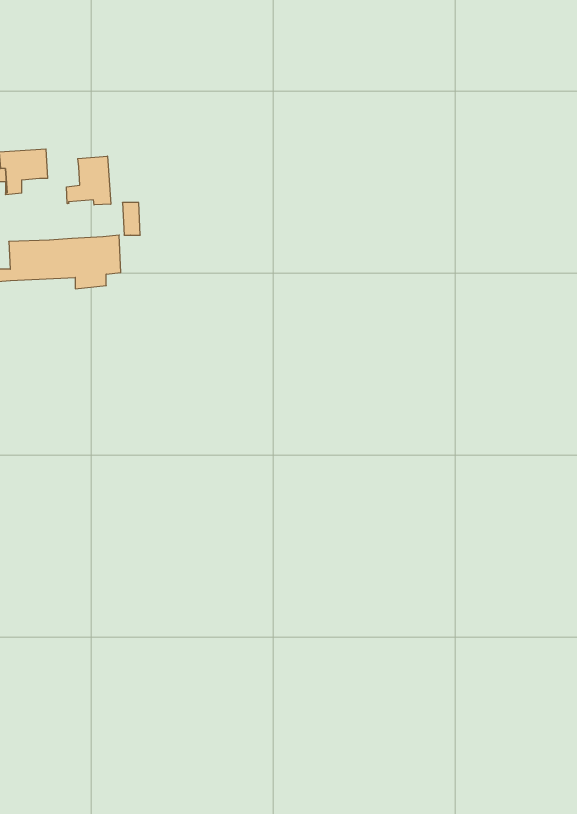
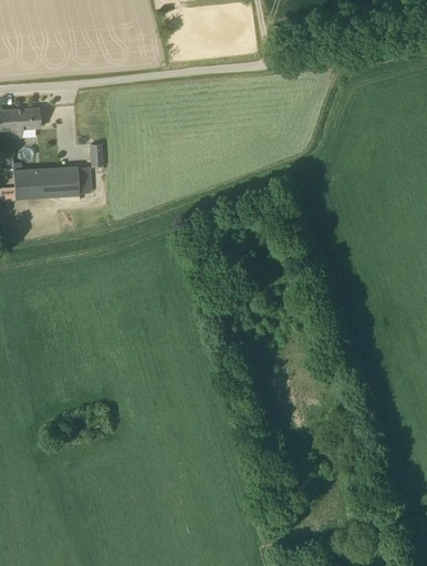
building: [67,156,111,205] -> none

